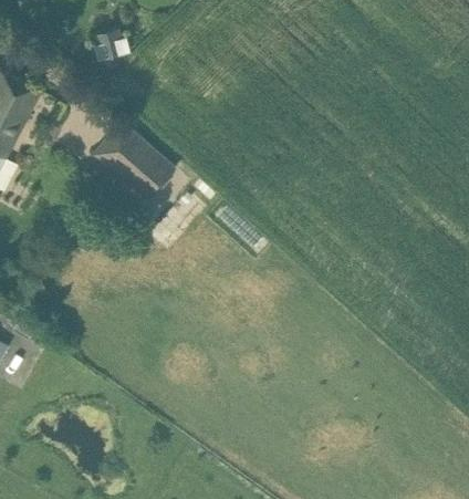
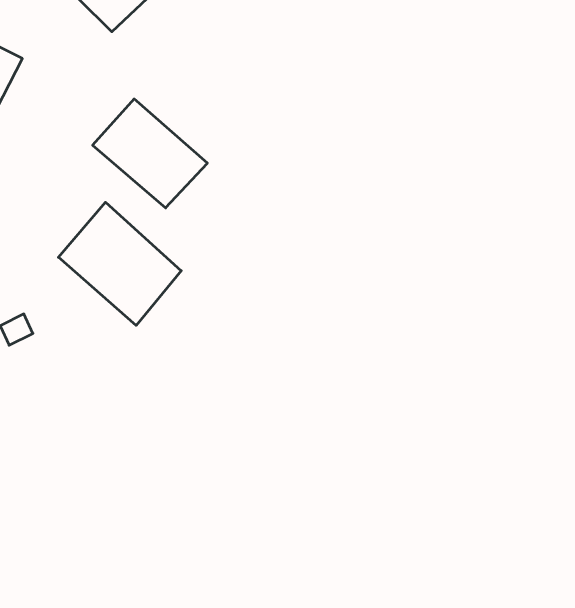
building: none -> [58,202,181,325]

